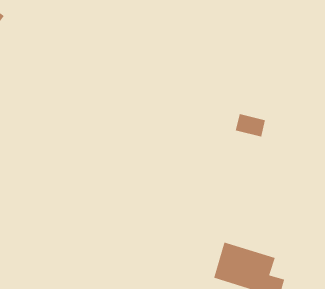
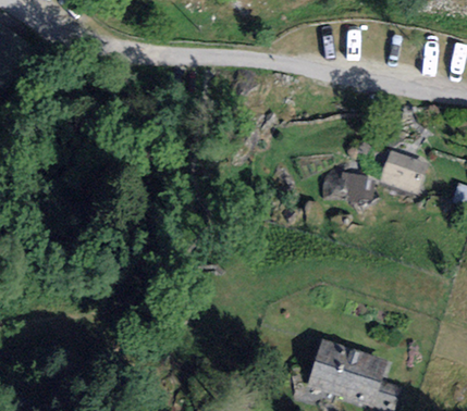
building: none -> [380,150,427,194]

